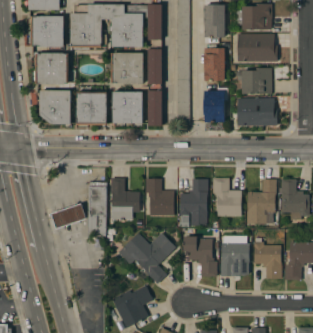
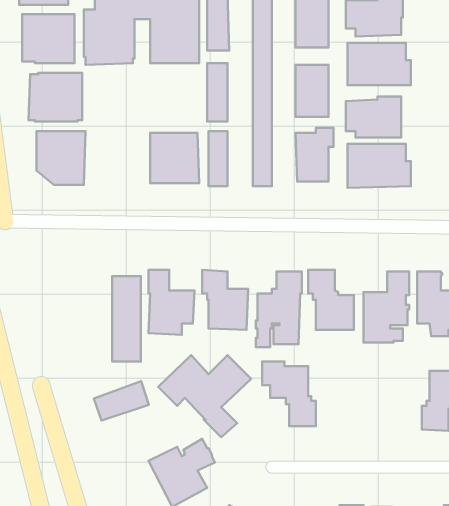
building: [111,53,143,84] -> none
building: [76,91,107,125] -> none
building: [51,203,86,228] -> [94,381,149,421]
building: [220,235,248,276] -> none
building: [253,238,281,278] -> none

